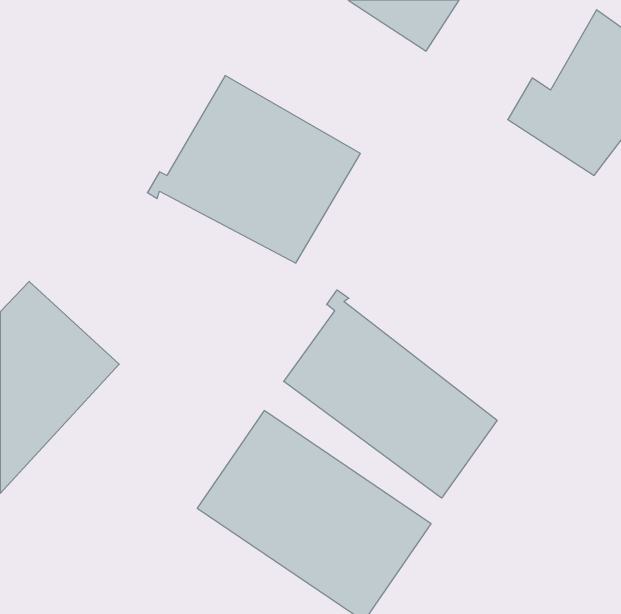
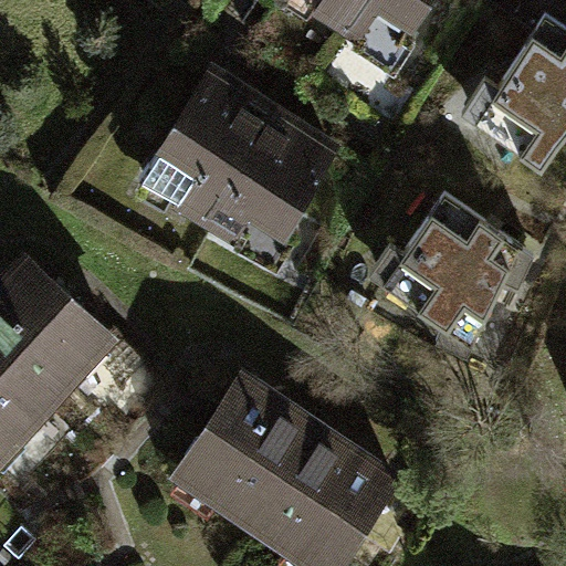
building: none -> [371,197,532,359]
building: [284,290,497,498] -> none

